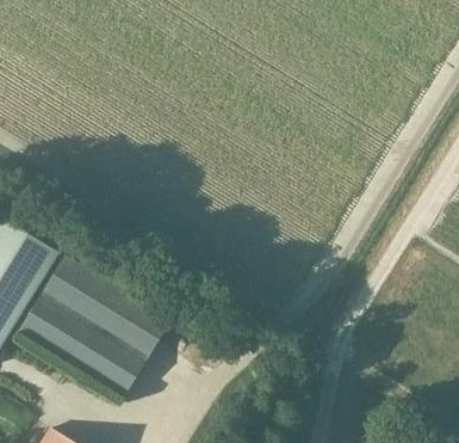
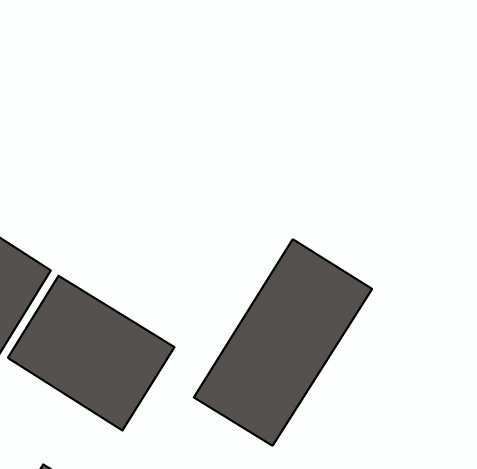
building: none -> [194,239,372,446]

